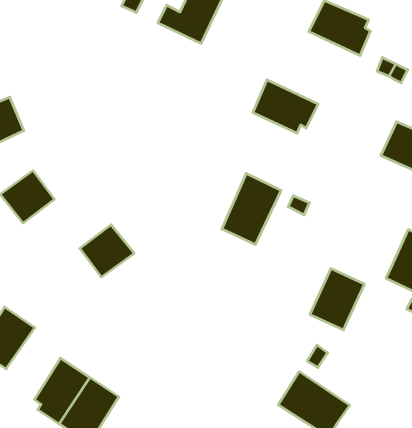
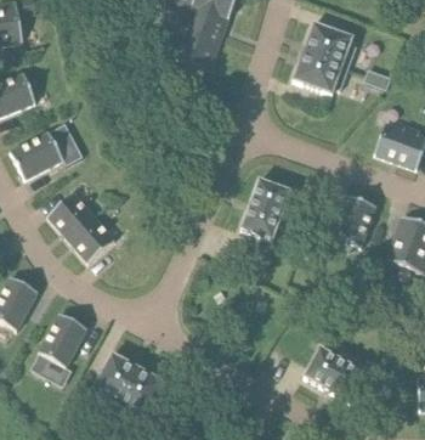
building: [253,80,318,133] -> [293,51,348,95]
building: [80,225,134,277] -> [69,215,117,261]
building: [310,269,364,330] -> [332,194,376,247]

